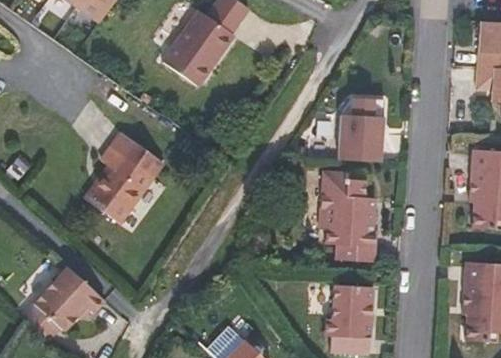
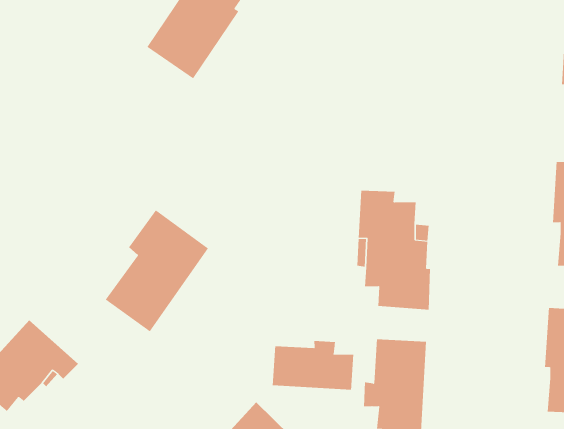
building: [339,98,385,162] -> none
building: [85,129,165,223] -> [105,209,209,332]
building: none -> [272,340,354,390]

